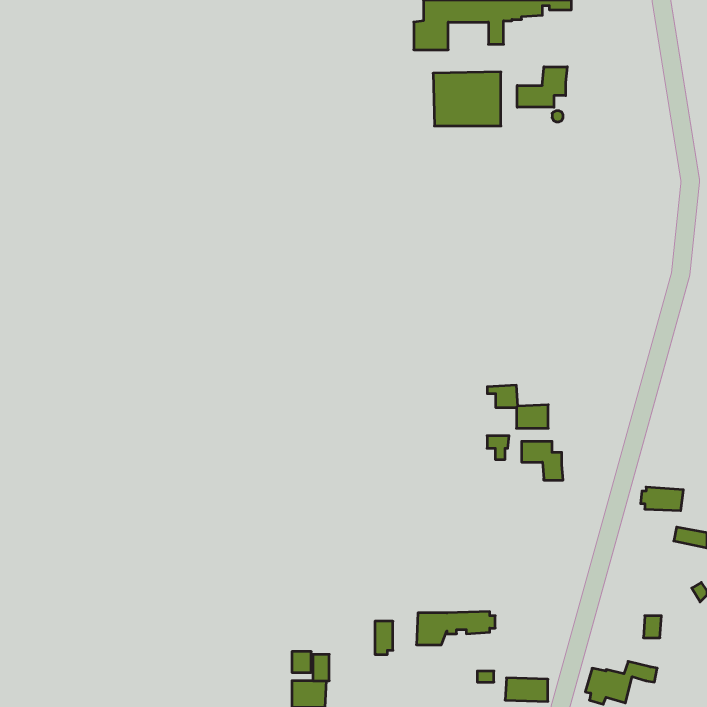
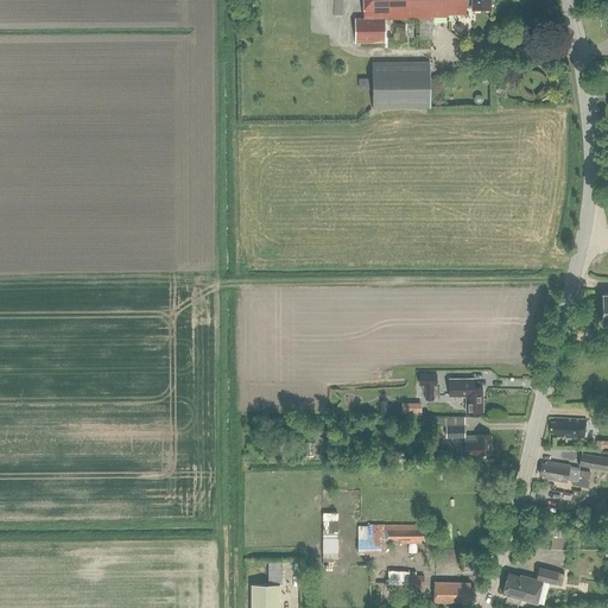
building: [517,67,567,107] -> none
building: [487,385,548,428] -> [439,418,492,455]
building: none -> [539,461,580,482]

